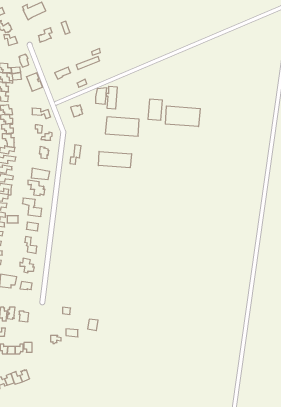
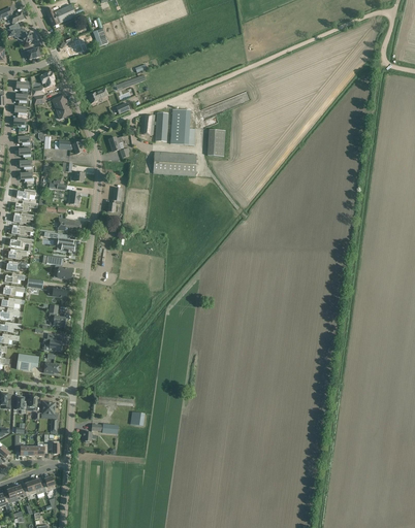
building: none -> [170,108,195,144]
building: [165,106,200,127] -> none
building: [98,151,132,168] -> none

